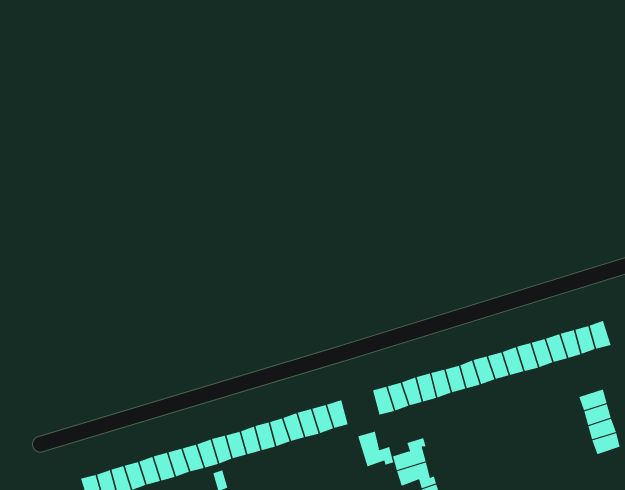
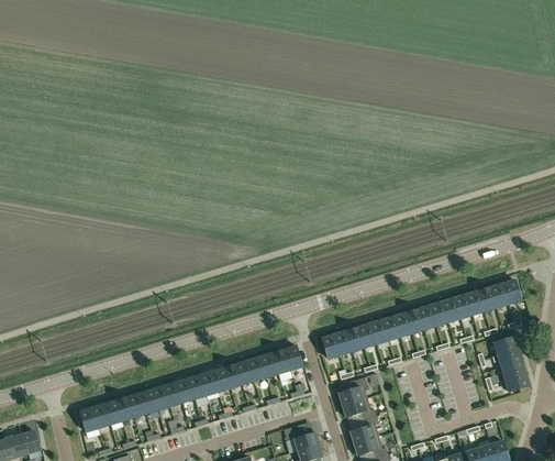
building: [358,431,394,467] -> none

